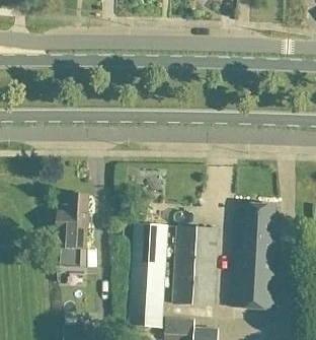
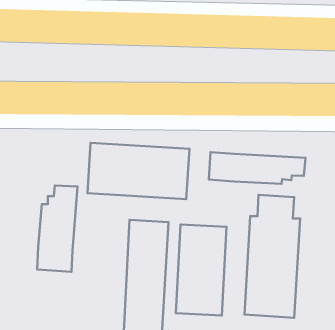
building: none -> [87,143,189,199]
building: none -> [209,152,305,184]

